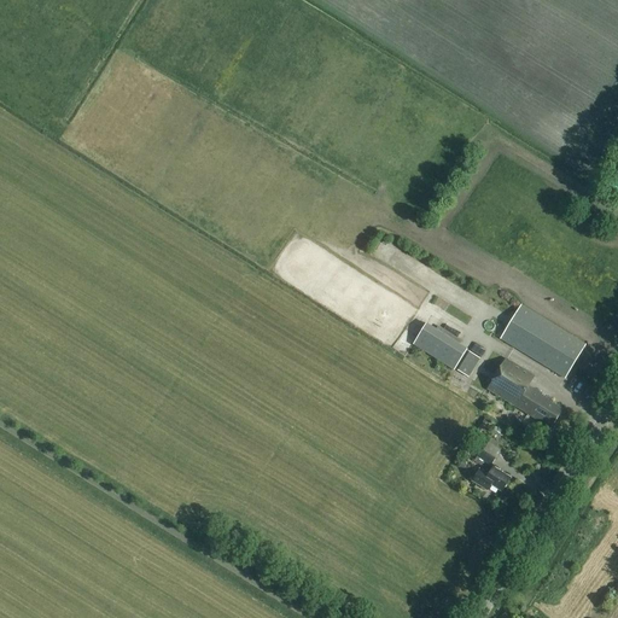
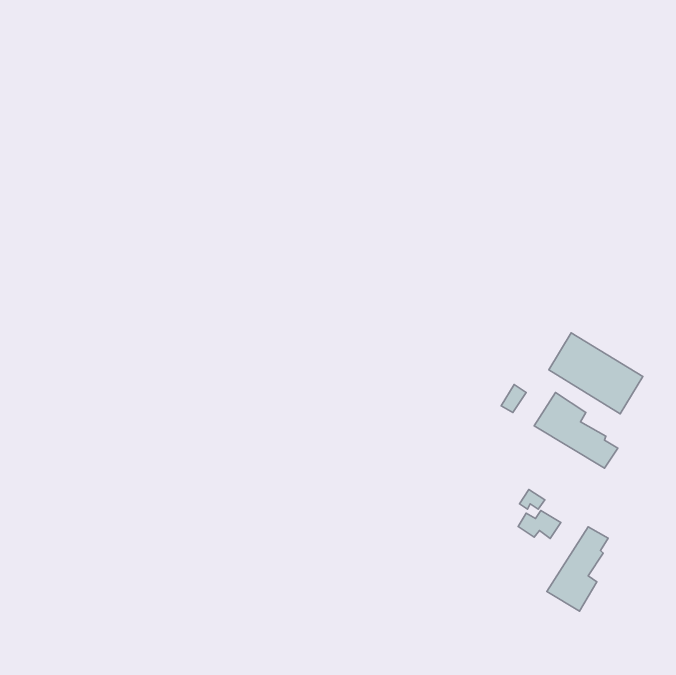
building: [412,321,466,368] -> none
building: none -> [547,527,608,611]

